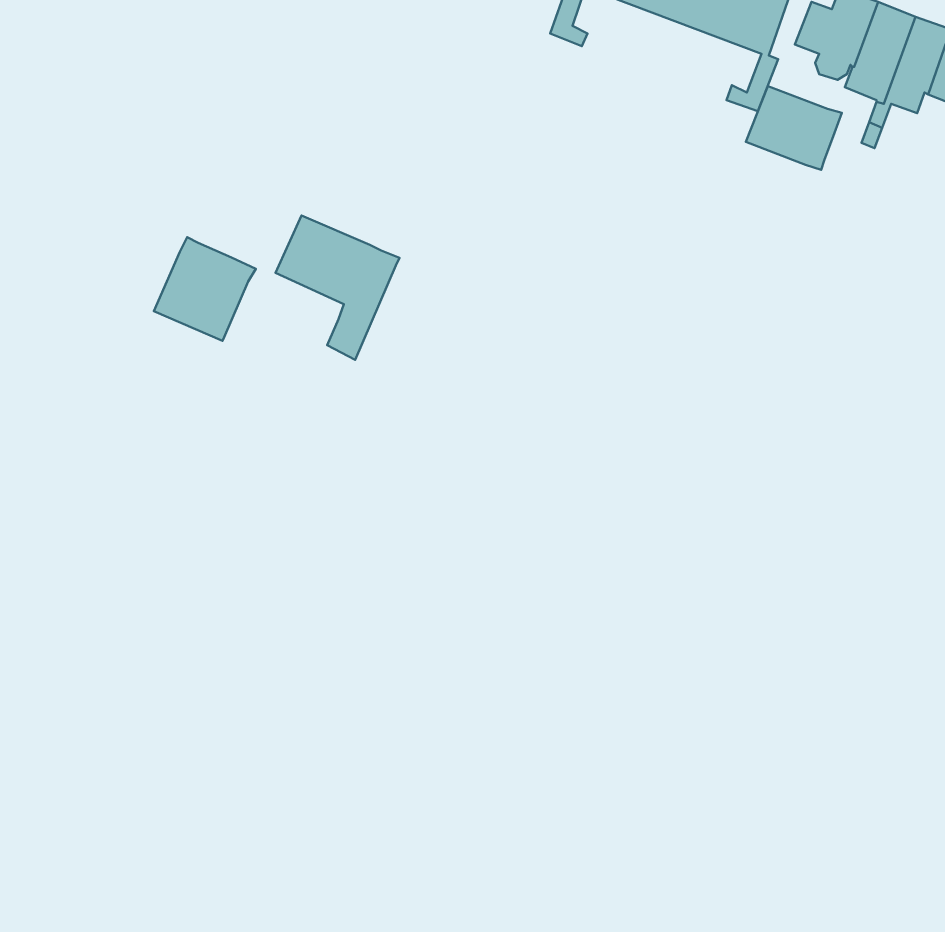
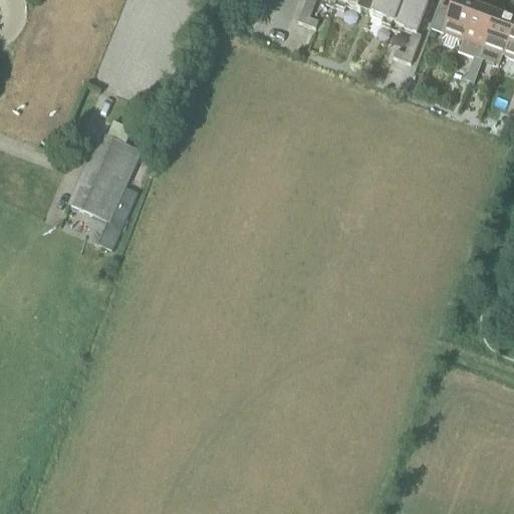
building: [746,86,842,170] -> none
building: [275,215,400,360] -> [70,169,138,247]

